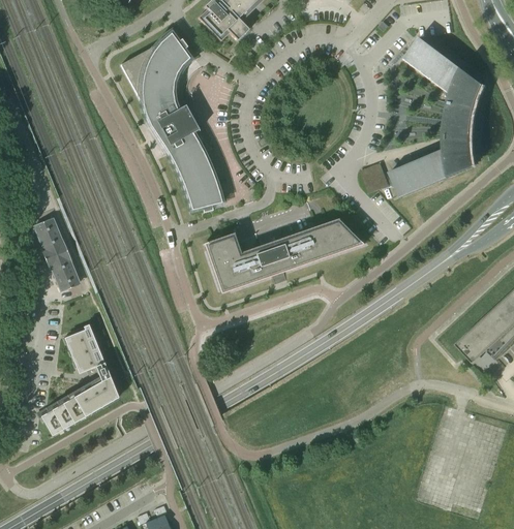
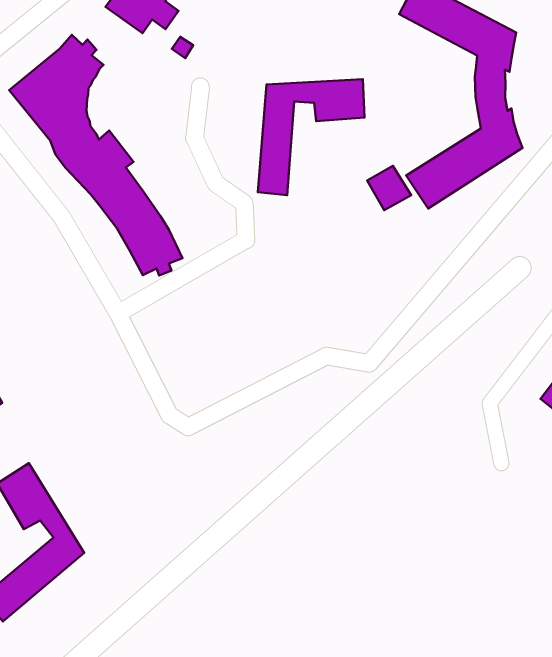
building: none -> [258,79,365,195]
building: [204,218,364,293] -> none

